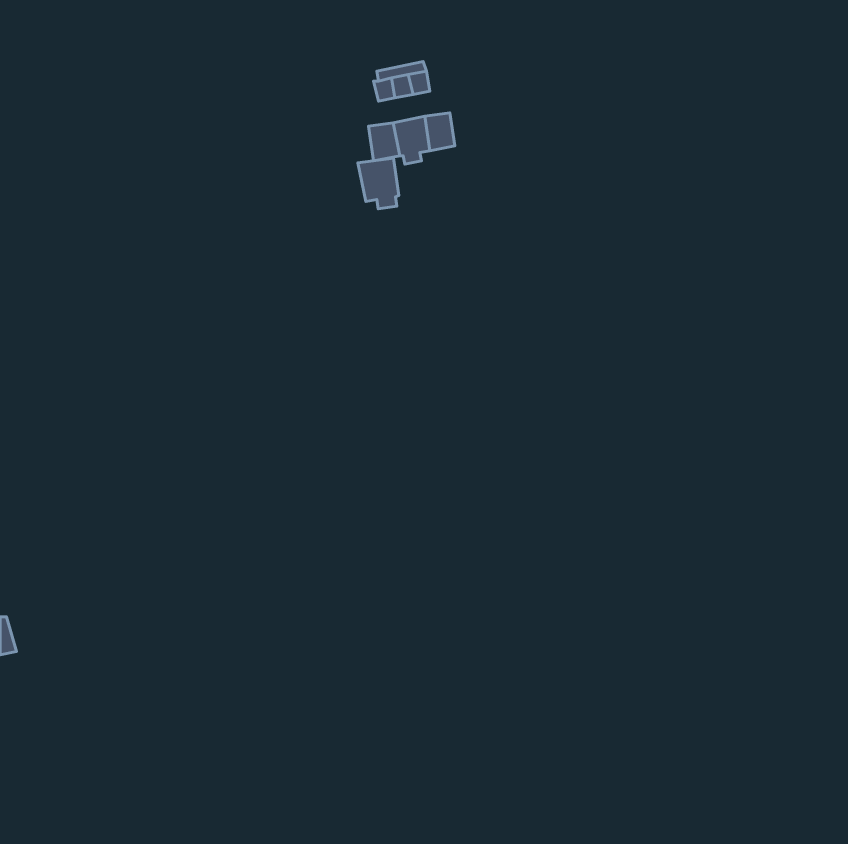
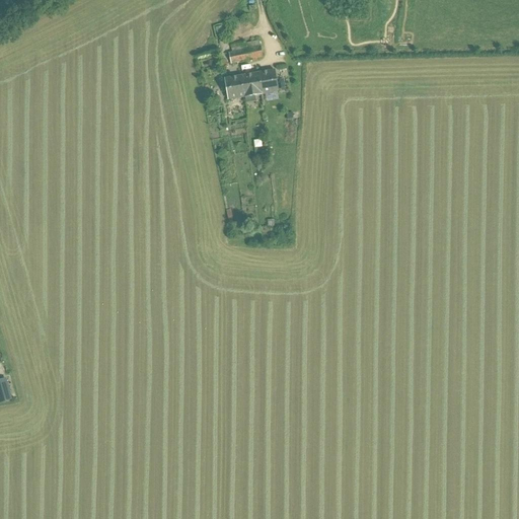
building: [358,158,399,209] -> none

